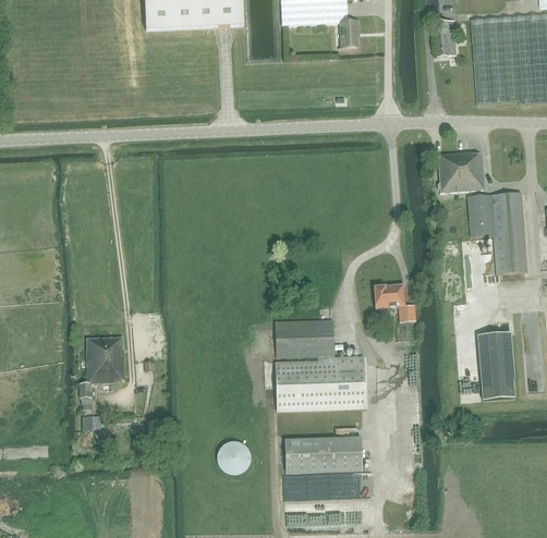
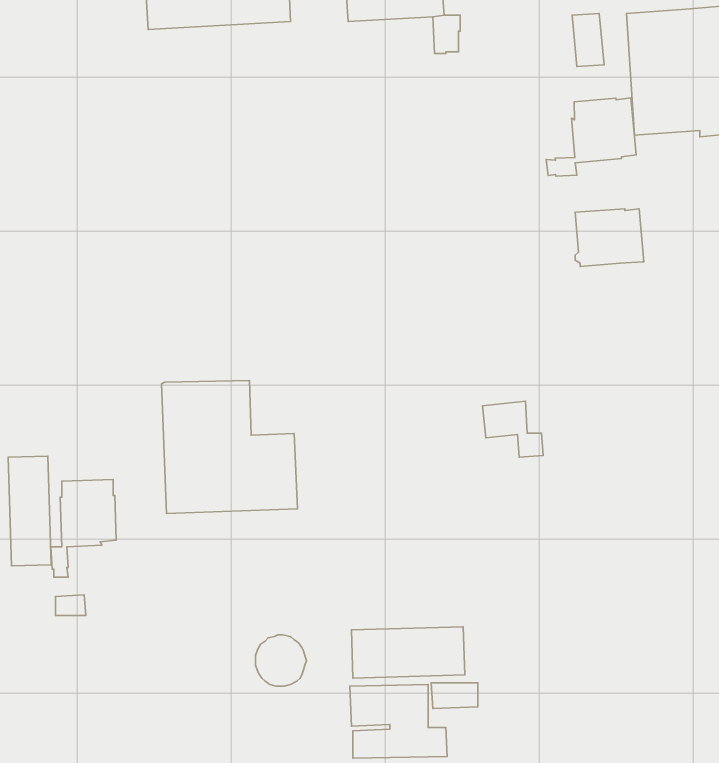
building: none -> [546,98,636,176]
building: [467,192,526,272] -> none
building: [272,319,365,409] -> [162,381,297,514]
building: none -> [8,456,51,566]
building: [477,331,515,400] -> none

